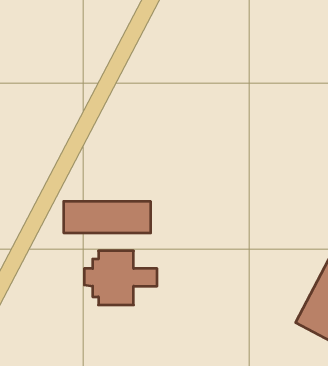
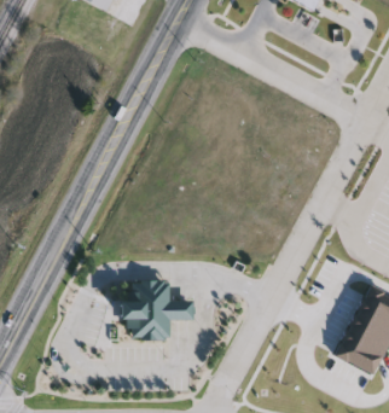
building: [64,201,151,233] -> none

